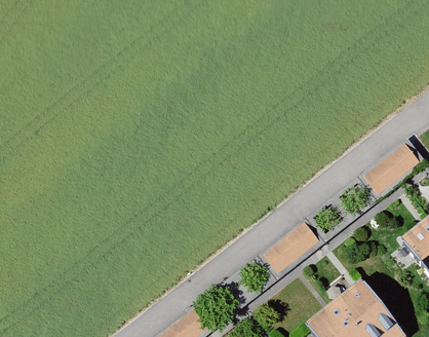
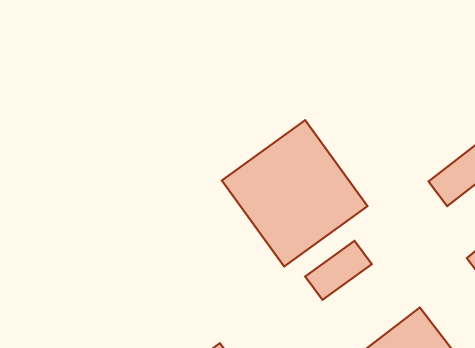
building: none -> [222,120,368,267]

